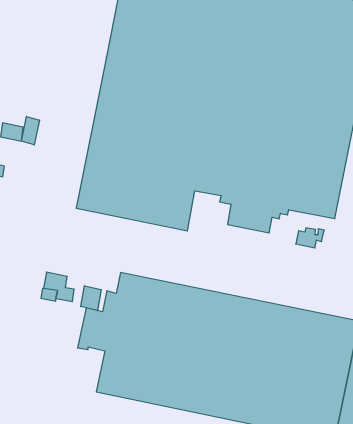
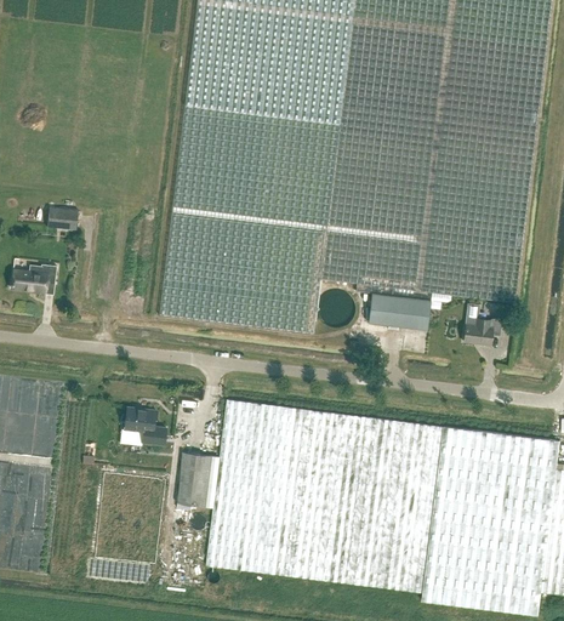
building: [21,116,39,145] -> none
building: [81,286,101,311] -> none

